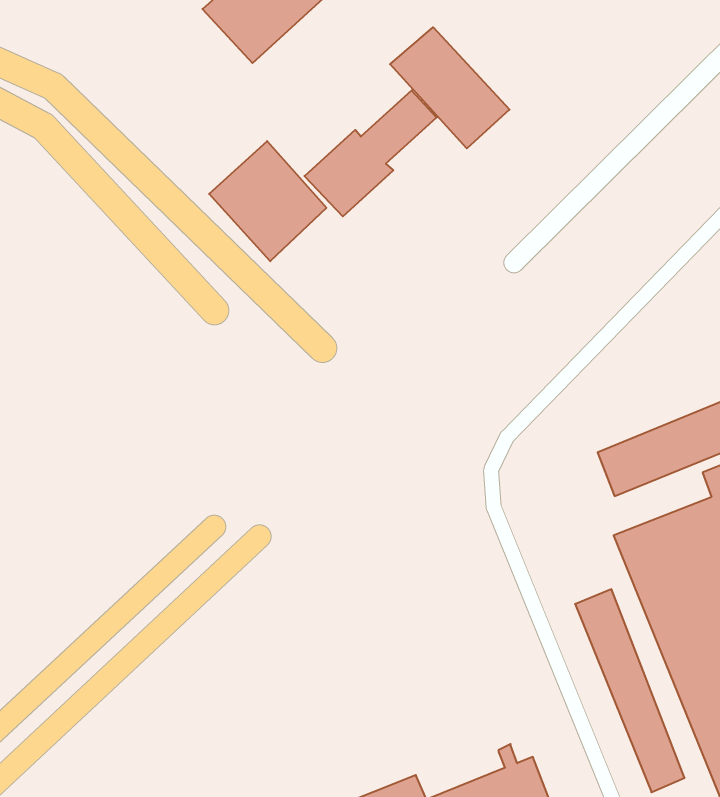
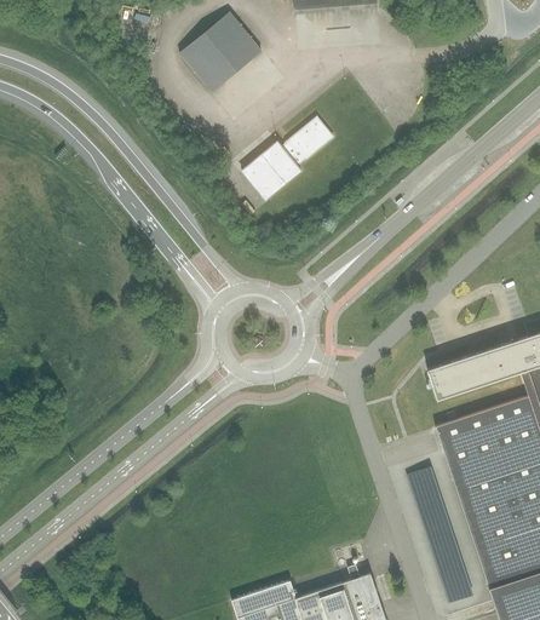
building: [390,27,510,148] -> none
building: [209,141,326,261] -> none

